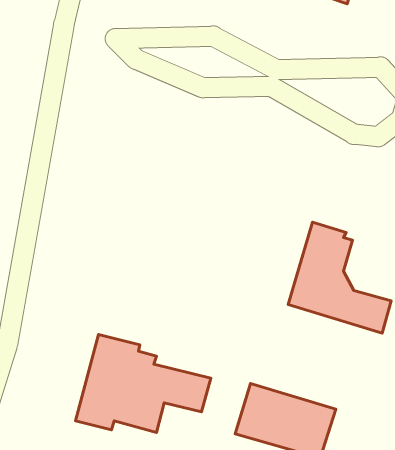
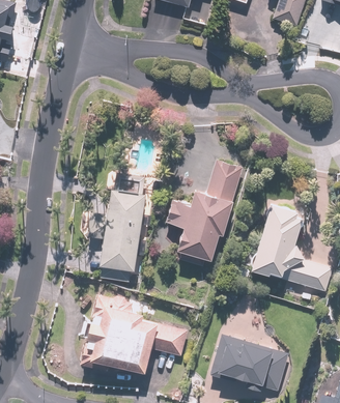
building: none -> [164,159,240,265]
building: none -> [98,178,145,281]

